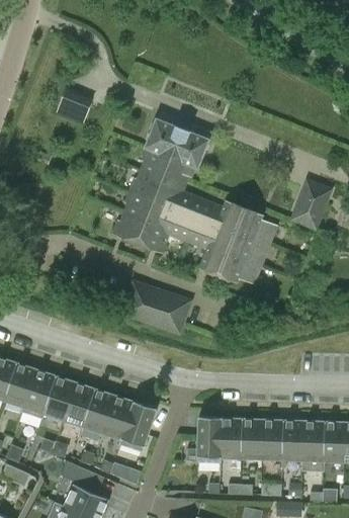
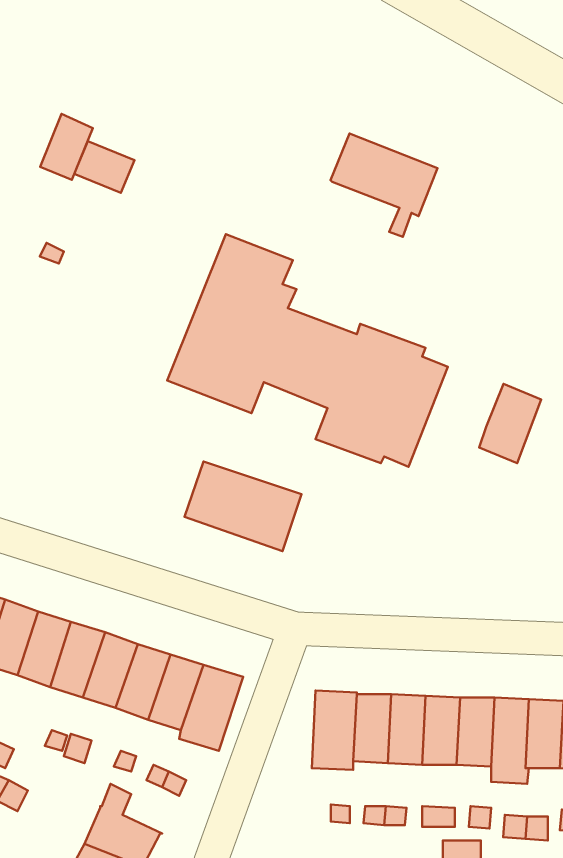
building: none -> [40,114,93,180]
building: [146,119,208,180] -> [331,134,437,237]
building: [293,181,330,228] -> [479,384,541,463]

